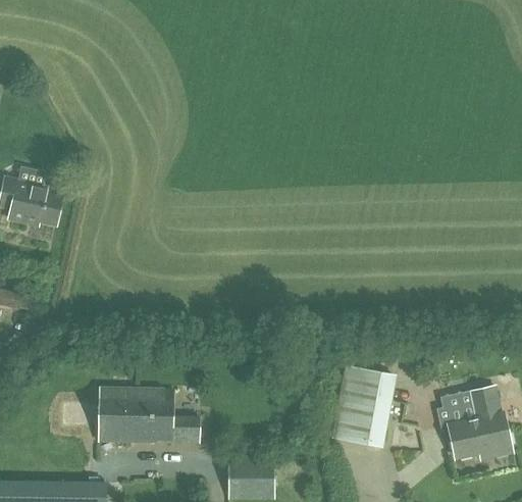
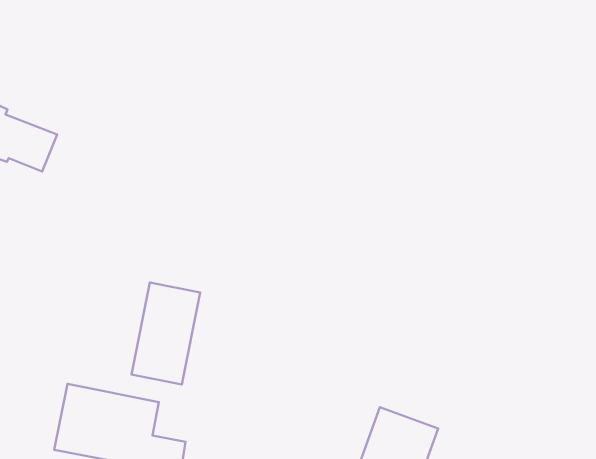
building: none -> [131,282,200,384]

